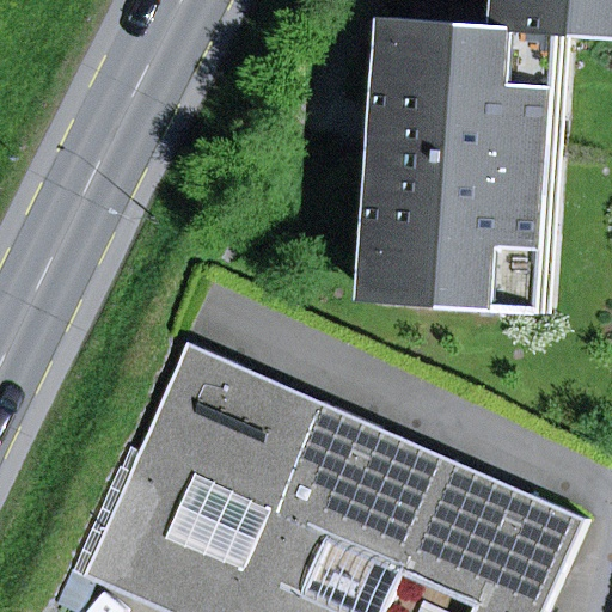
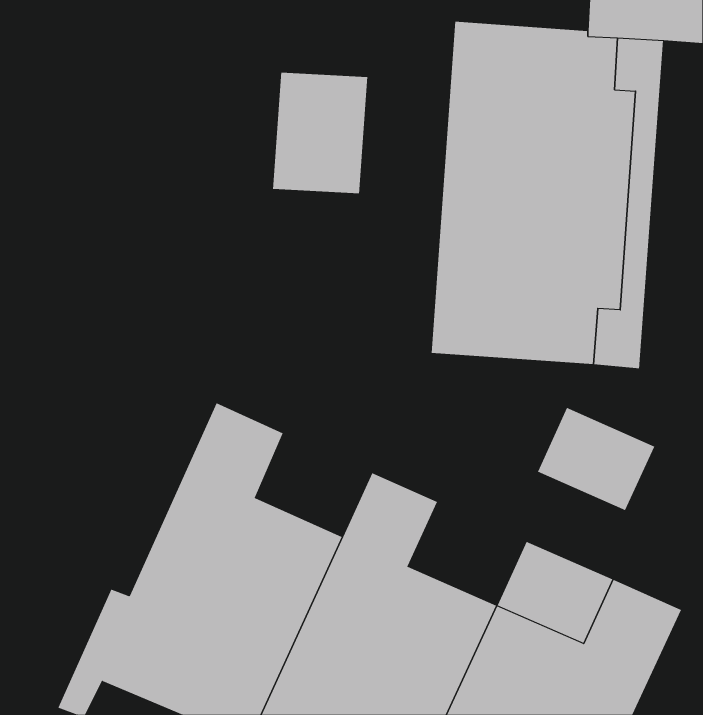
building: none -> [272,72,368,194]
building: [218,369,317,458] -> none
building: [348,428,448,516] -> [537,407,655,511]

